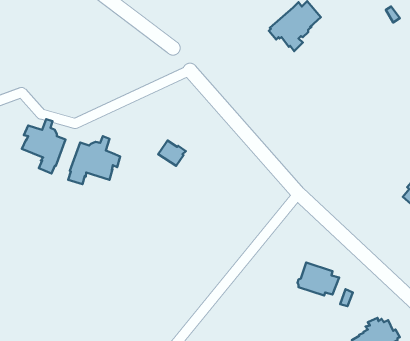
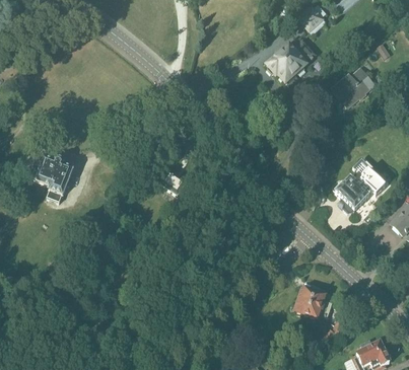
building: none -> [333,67,376,105]
building: none -> [336,156,390,213]
building: [68,136,120,184] -> none

